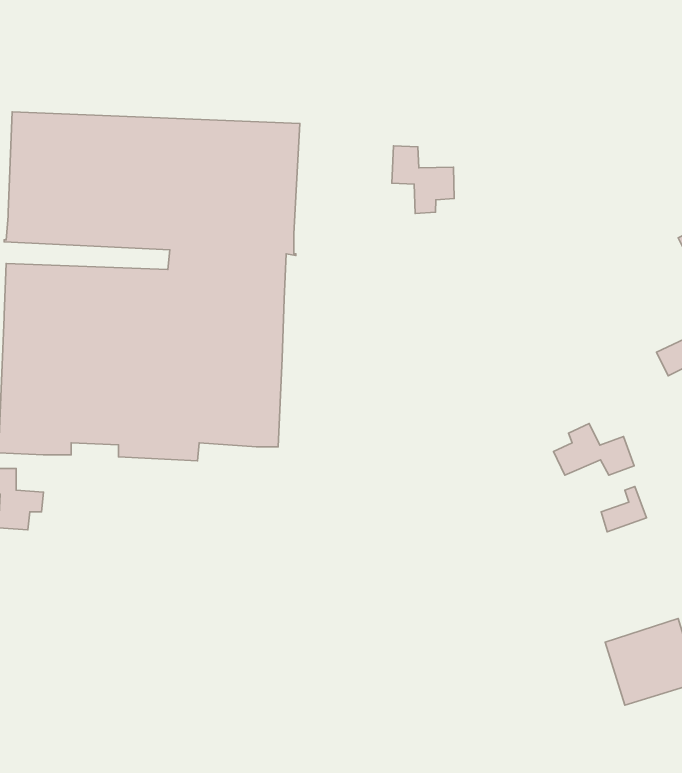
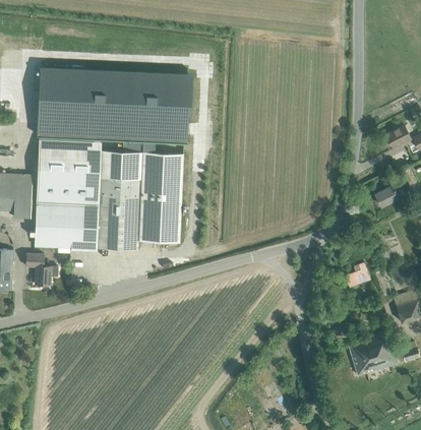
building: [392,146,454,213] -> none
building: [554,423,634,475] -> none

